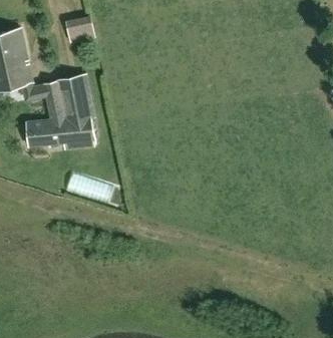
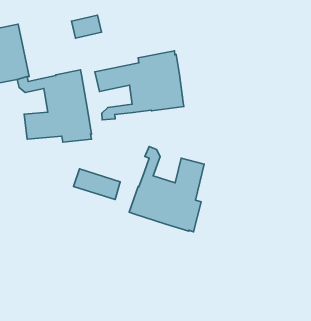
building: none -> [95,51,184,120]
building: none -> [129,147,204,232]

